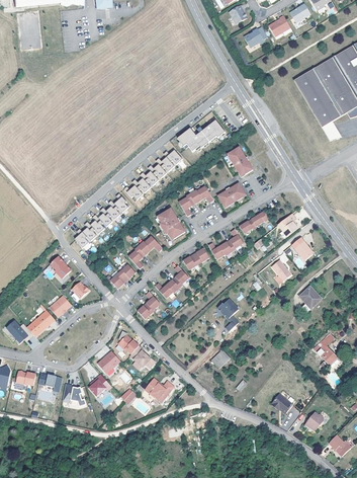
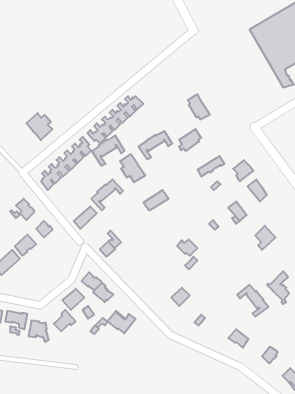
building: [176,117,224,150] -> none
building: none -> [26,113,52,140]
building: none -> [92,135,125,166]
building: [208,230,243,259] -> none
building: [155,265,189,298] -> none
building: none -> [237,285,268,317]

